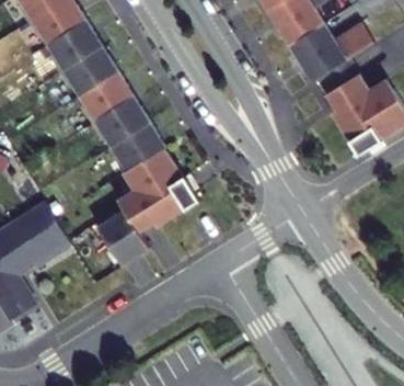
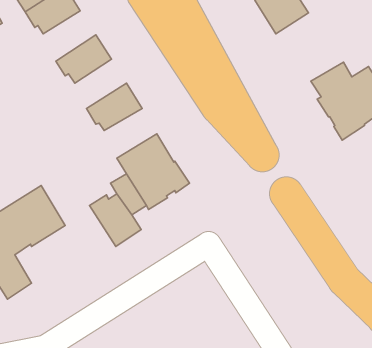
building: [47,20,102,72] -> none
building: [289,22,373,93] -> none
building: [80,70,134,122] -> none
building: [111,122,166,173] -> none

